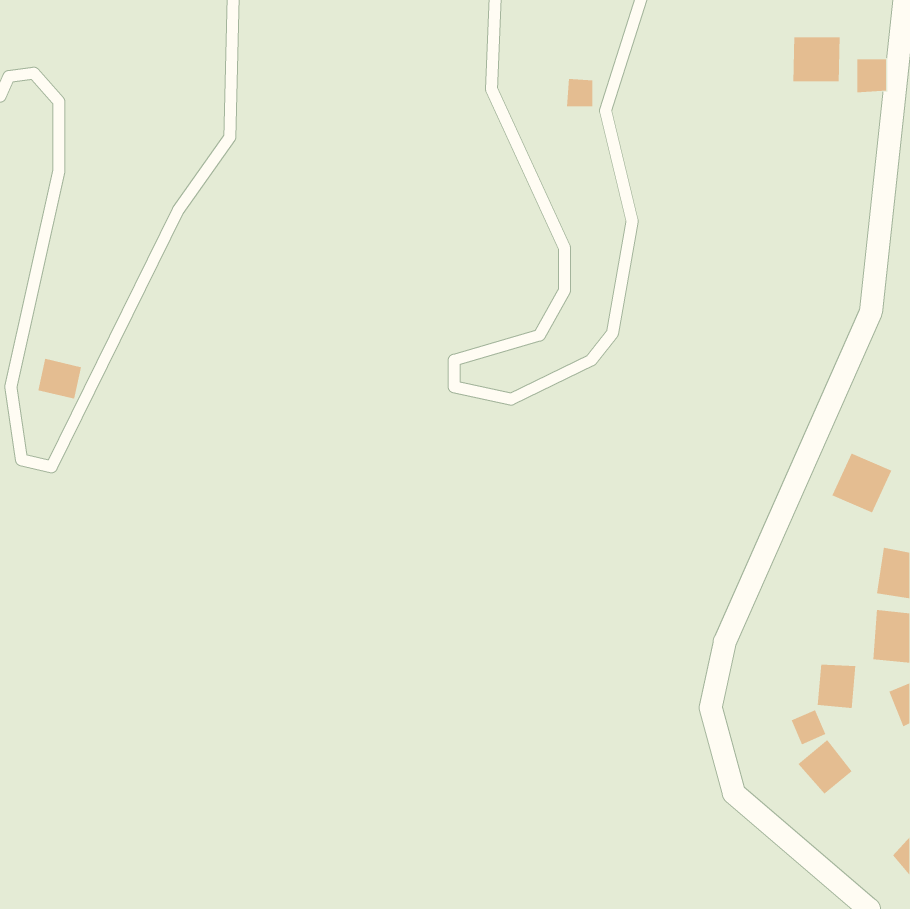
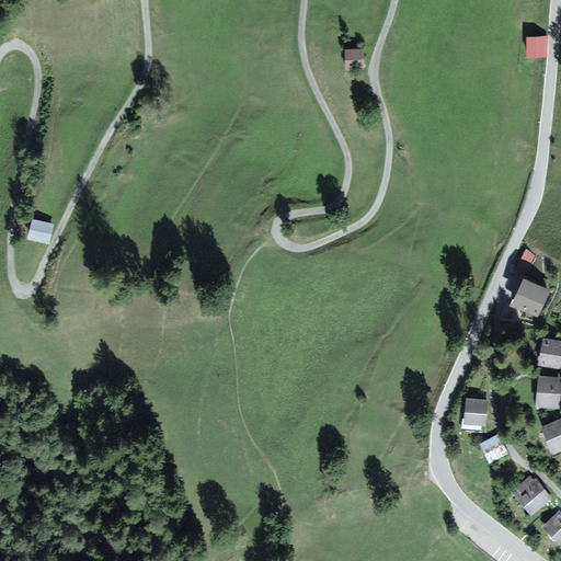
building: [793,37,840,82] -> none
building: [817,664,856,709] -> [463,398,488,425]
building: [797,739,853,794] -> [516,478,550,512]

